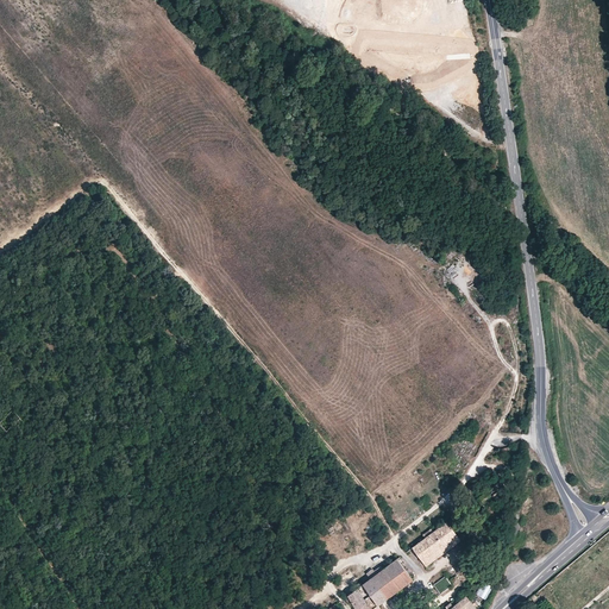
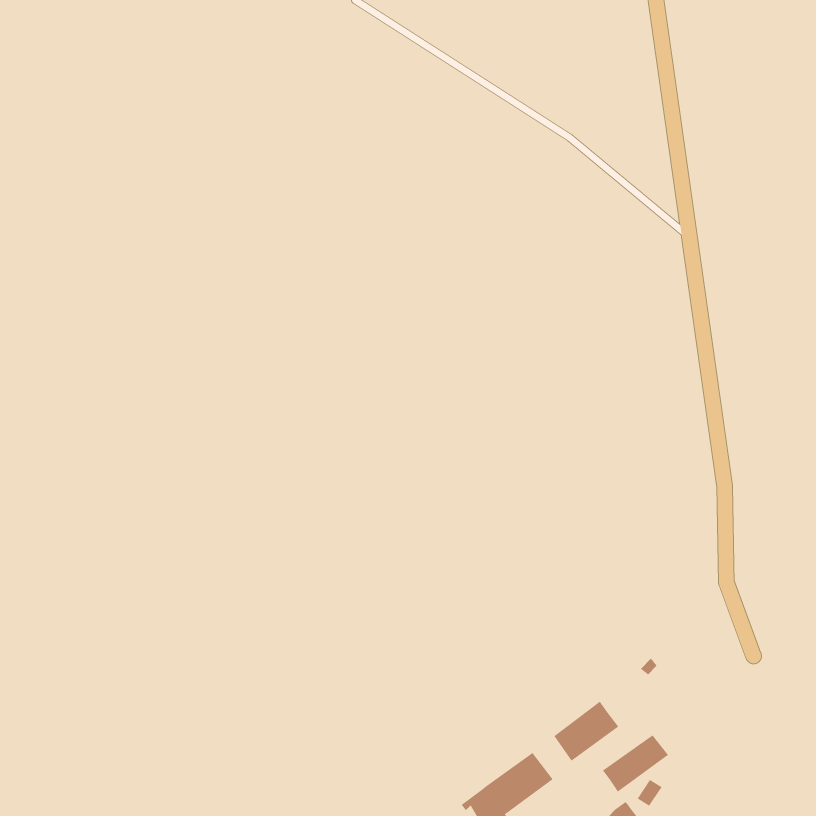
building: none -> [602,734,669,792]

